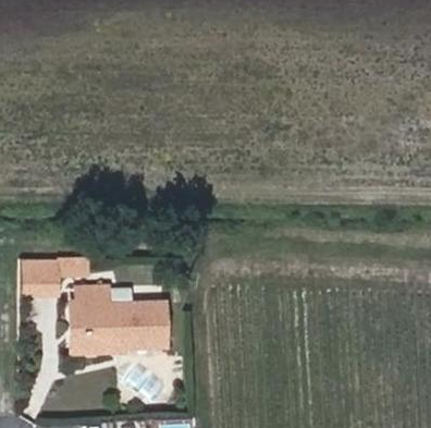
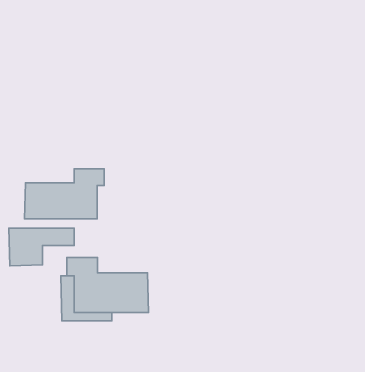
building: none -> [24,169,104,219]

